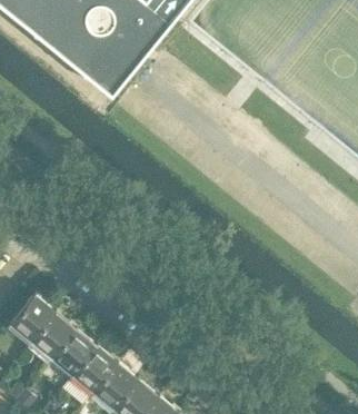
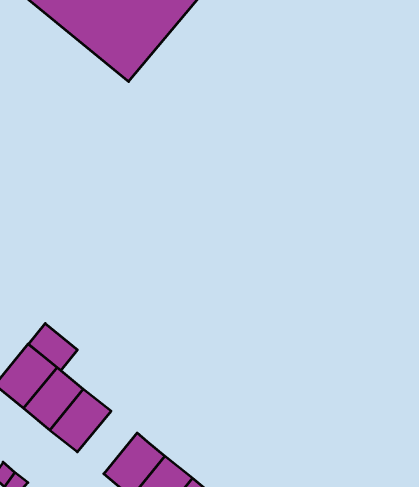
building: none -> [29,323,77,370]
building: [71,344,117,392] -> none

